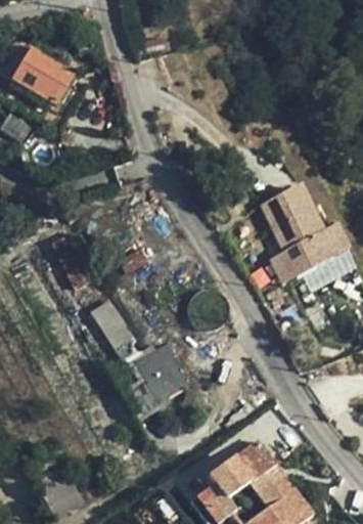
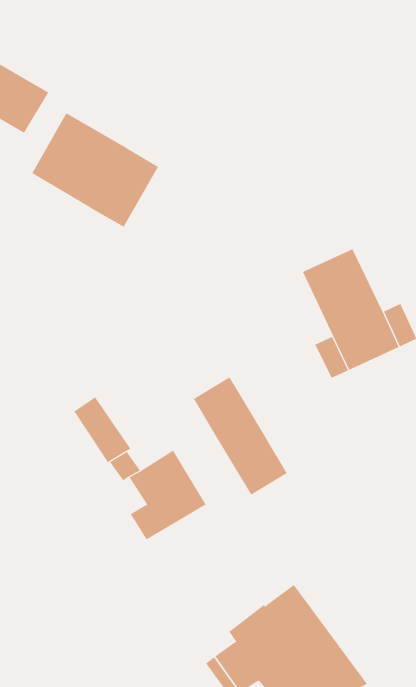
building: none -> [31,112,159,228]
building: none -> [193,376,287,496]

